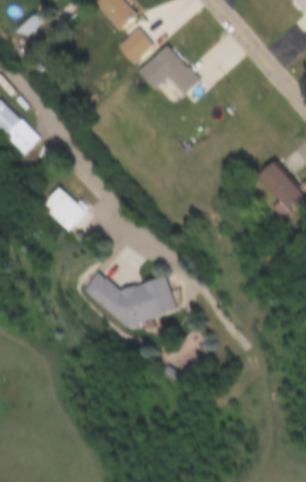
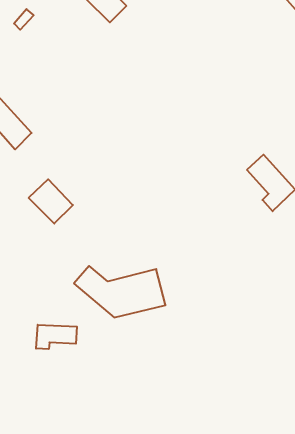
building: [121,29,152,60] -> none
building: [138,44,200,93] -> none
building: none -> [36,325,77,349]

